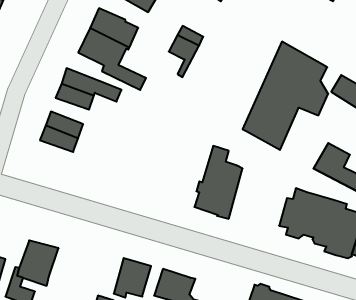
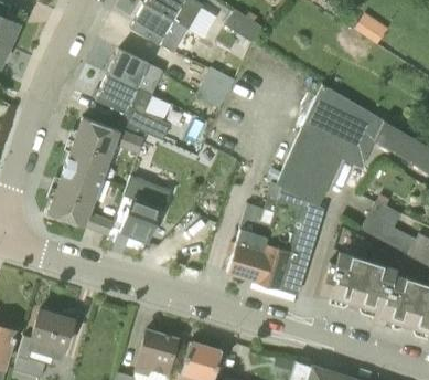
building: none -> [66,149,109,179]
building: none -> [120,171,161,241]
building: none -> [266,187,325,294]
building: none -> [49,197,115,235]

